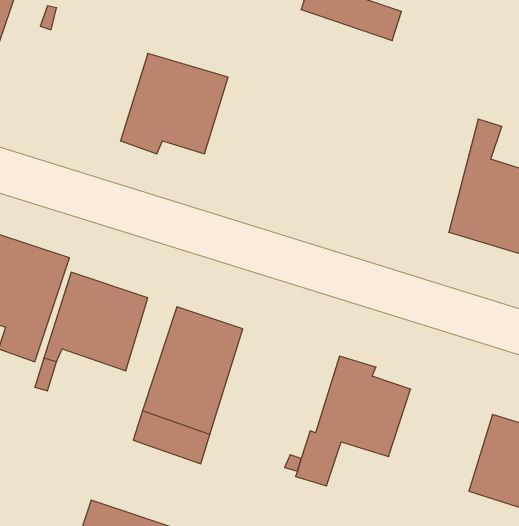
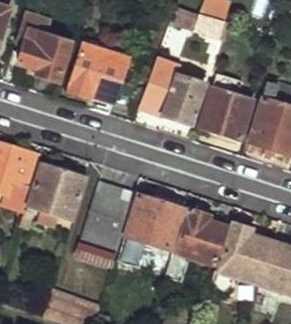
building: none -> [18,41,66,81]
building: none -> [139,66,204,123]
building: none -> [200,71,253,138]
building: none -> [125,195,183,250]
building: none -> [220,224,274,285]

